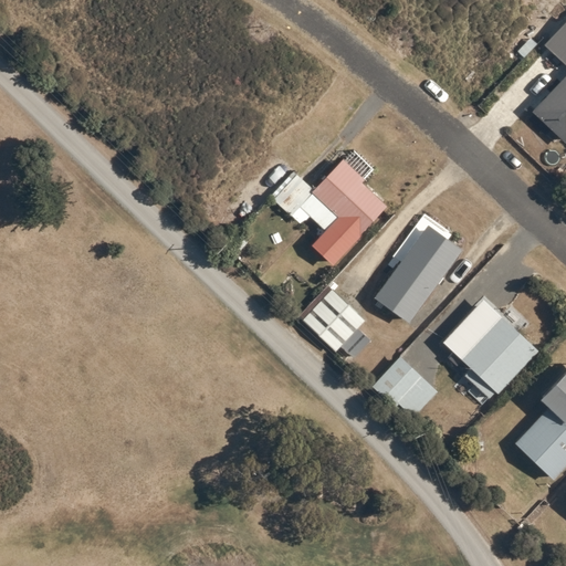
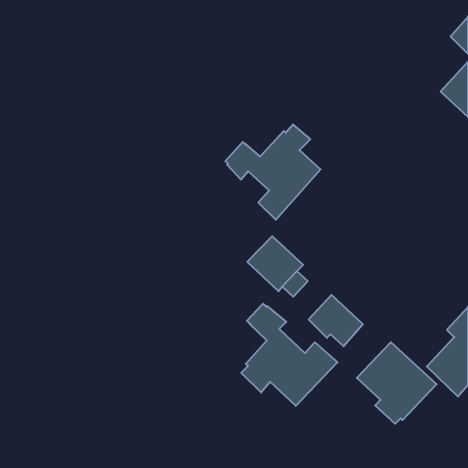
building: [374,224,463,323] -> none
building: [442,298,538,397] -> [357,342,437,424]
building: none -> [241,304,338,406]

